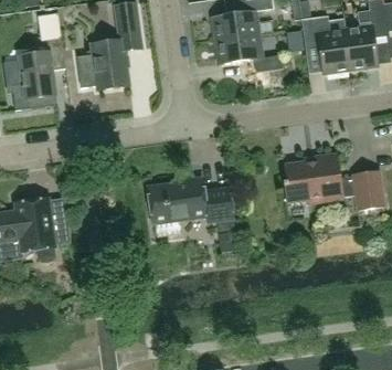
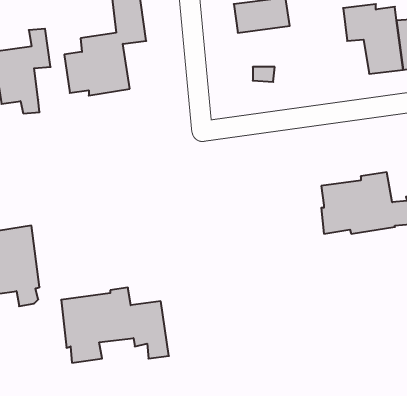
building: [216,34,283,73] -> none
building: [147,175,234,235] -> [61,288,169,363]

